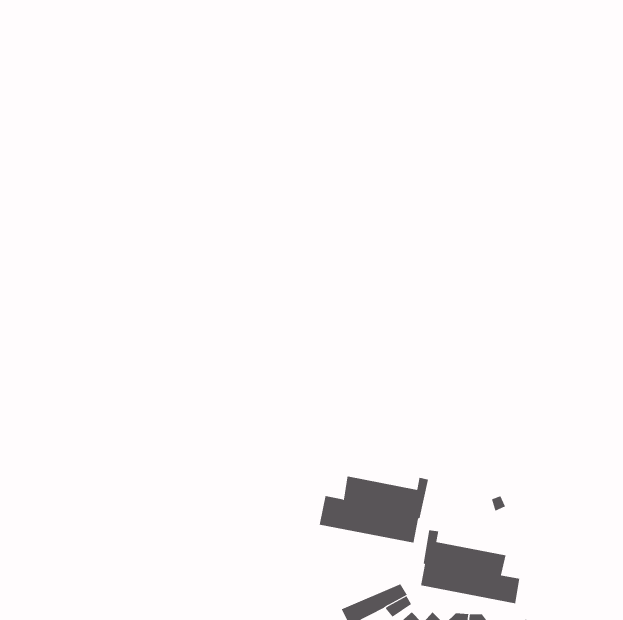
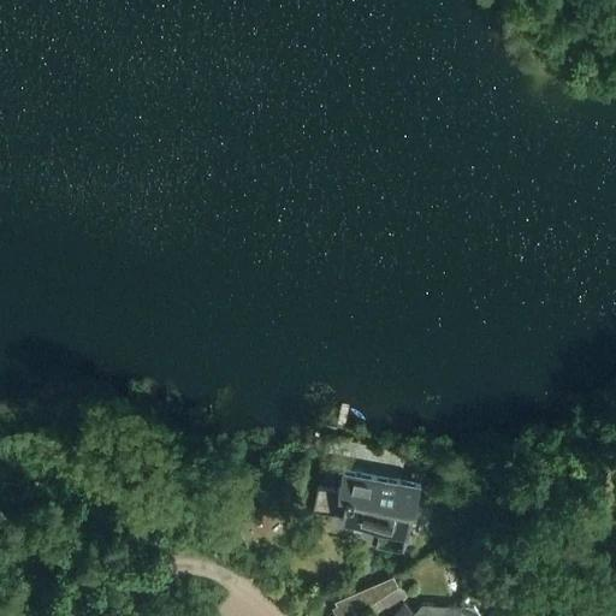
building: [420,529,520,604] -> none

